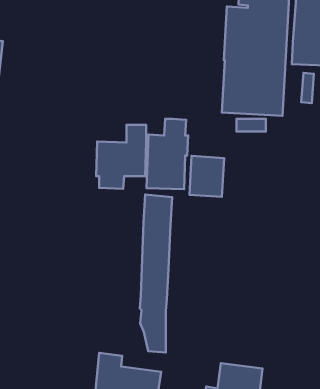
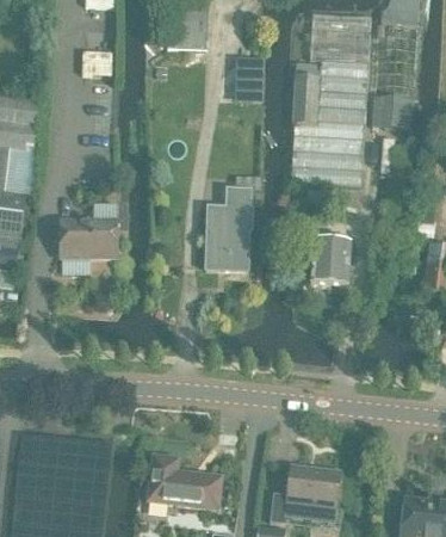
building: [96,125,146,189] -> [60,199,117,272]
building: [190,156,224,197] -> [311,240,351,286]
building: [140,195,172,352] -> none

